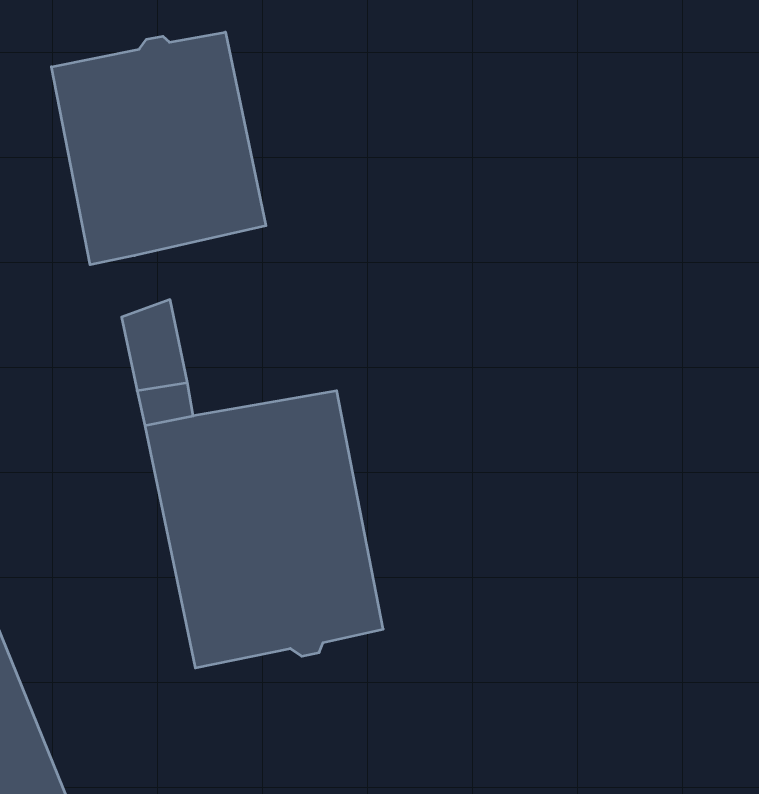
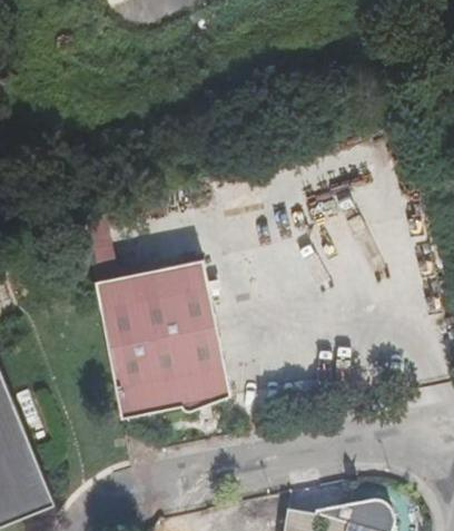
building: [51,32,266,265] -> none

